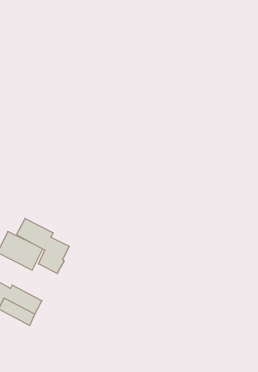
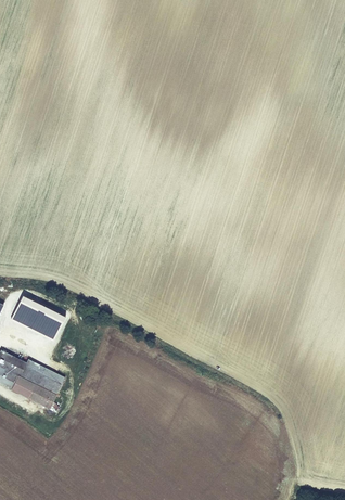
building: [17,218,69,274] -> none

